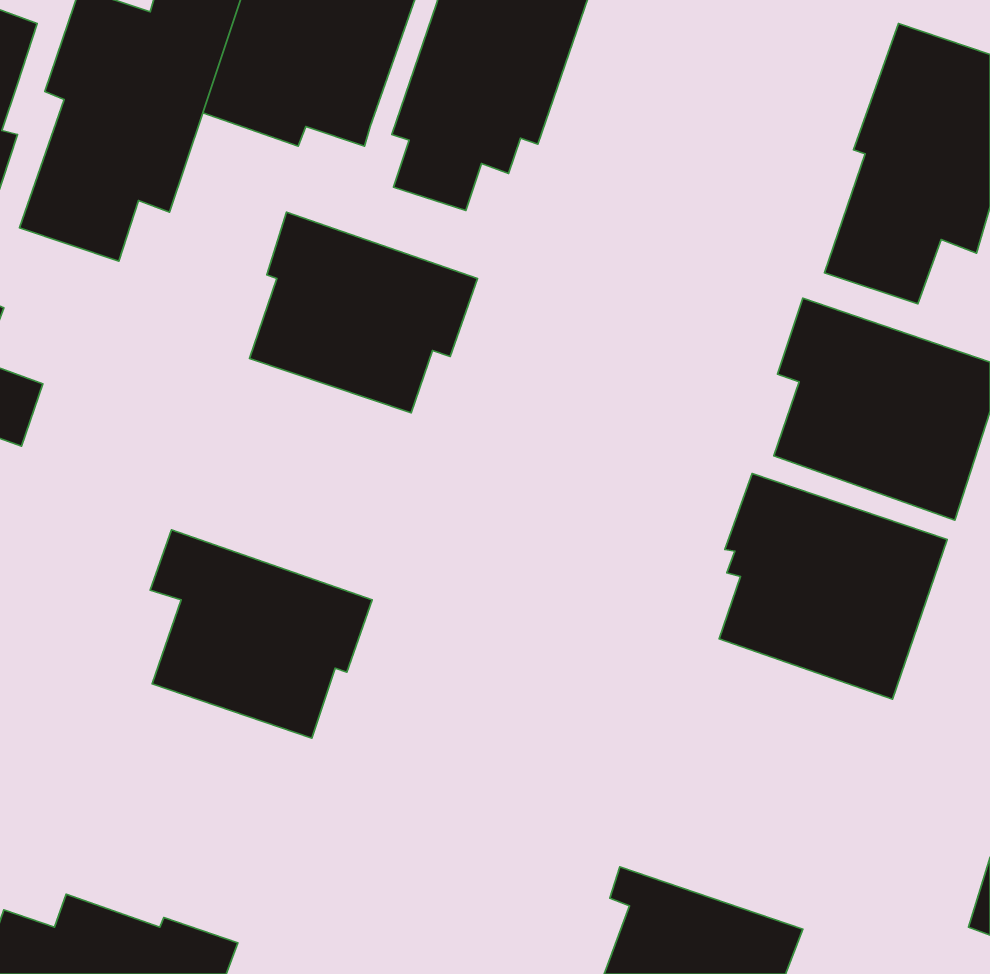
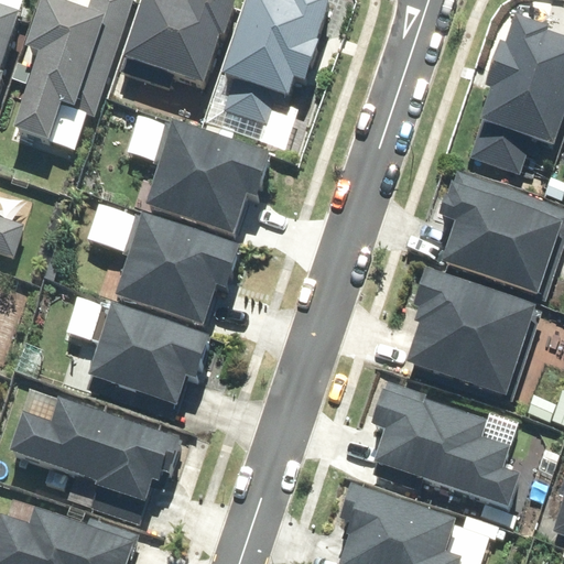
building: none -> [113,205,242,325]
building: none -> [367,381,521,514]
building: none -> [6,395,177,520]

